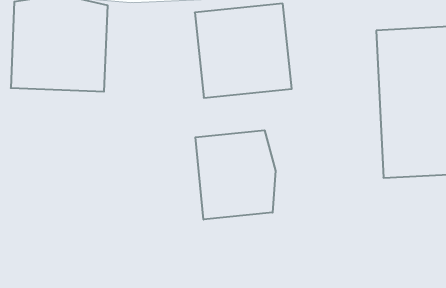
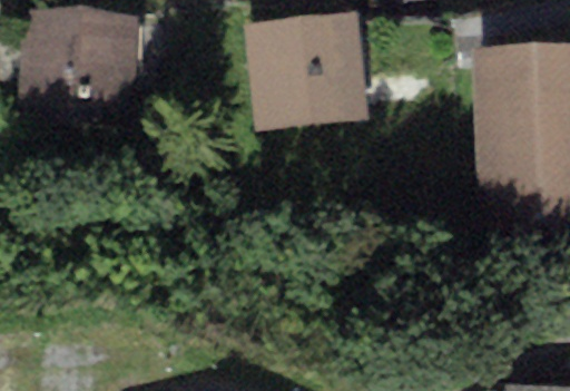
building: [195,130,276,220] -> none

